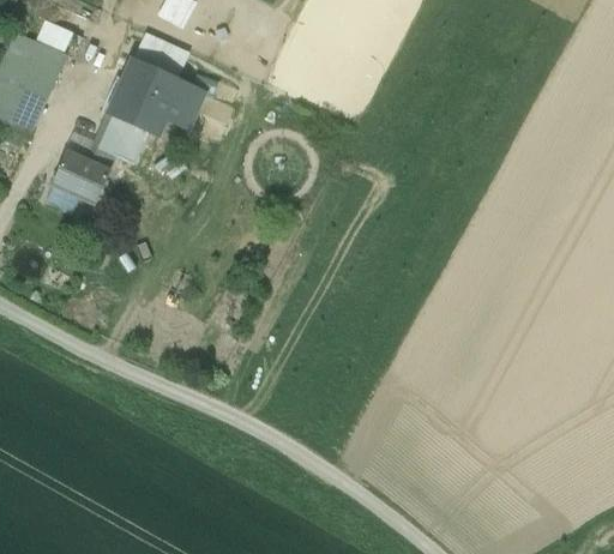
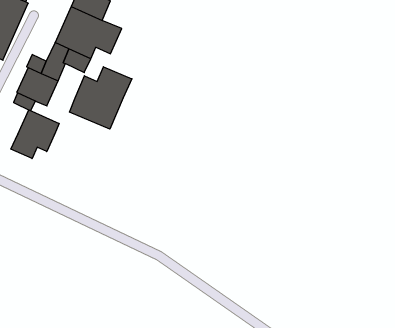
building: none -> [69,67,132,129]
building: none -> [11,110,59,159]

